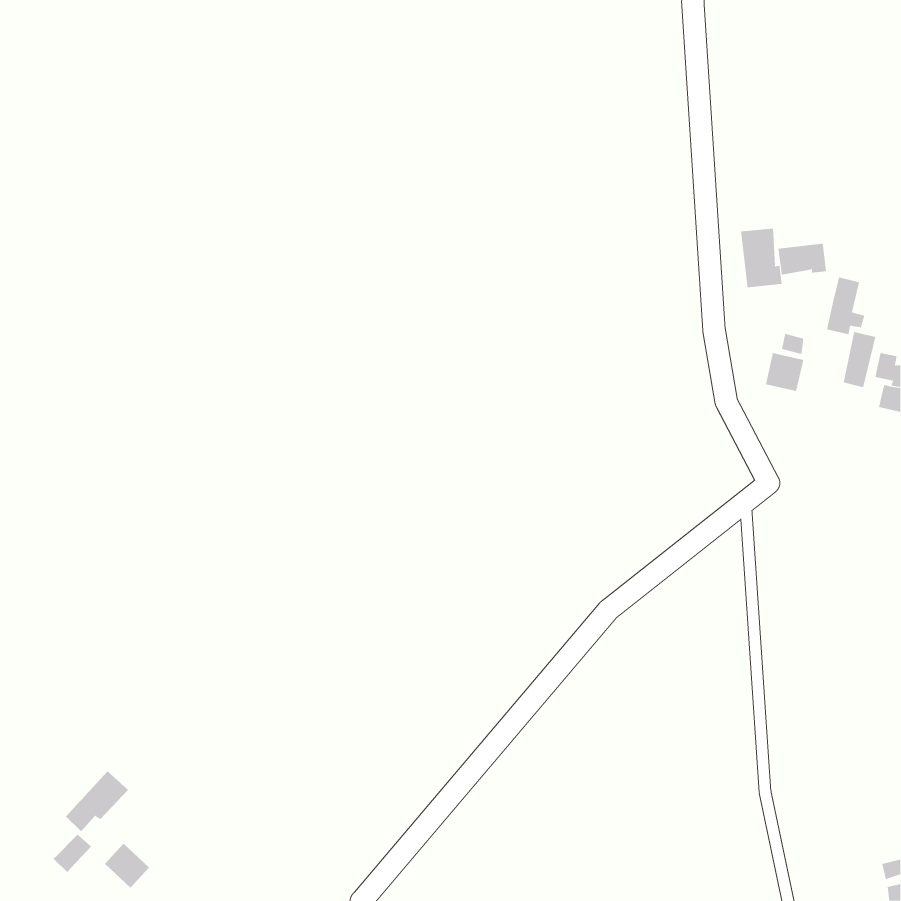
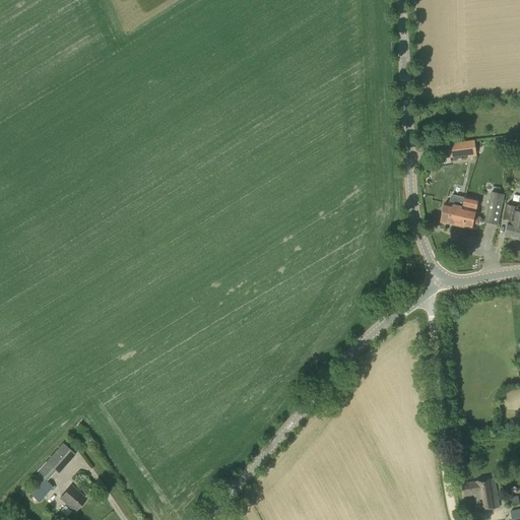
building: [741,228,782,288] -> none
building: [826,277,865,335] -> [459,195,481,229]
building: none -> [462,476,500,510]

